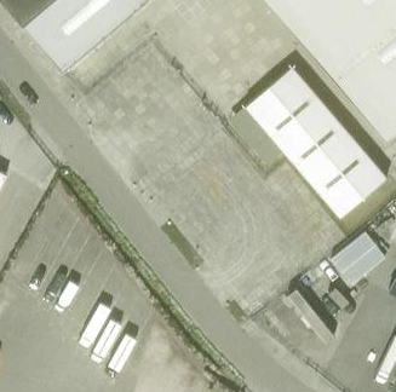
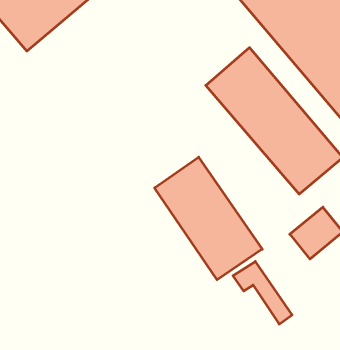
building: none -> [155,157,262,280]

